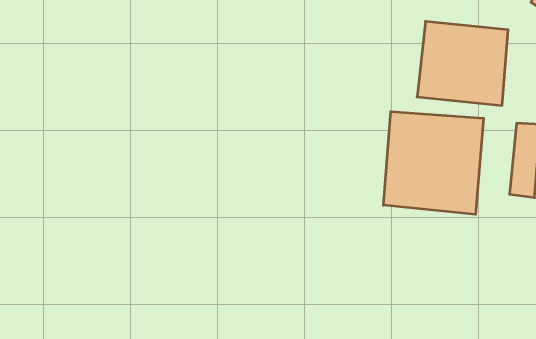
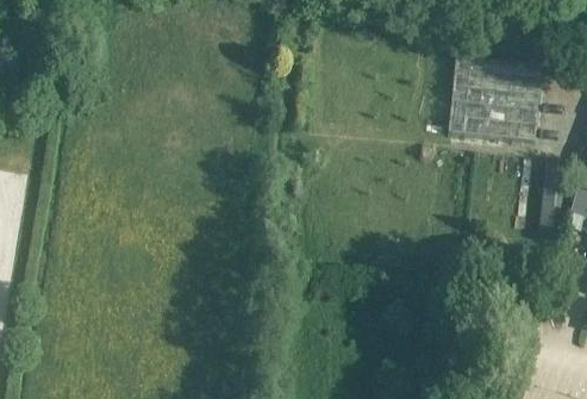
building: [383,112,484,214] -> none

